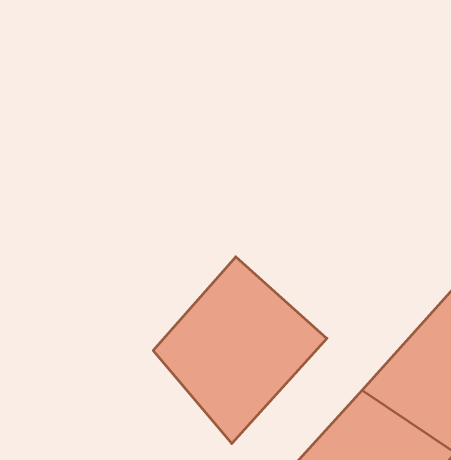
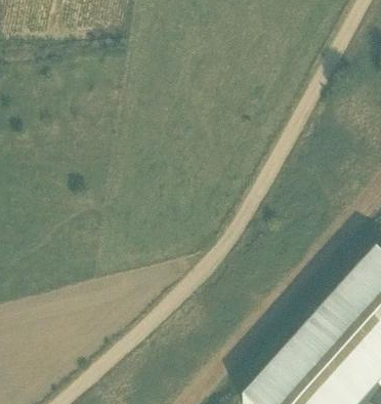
building: [153,257,327,444] -> none

